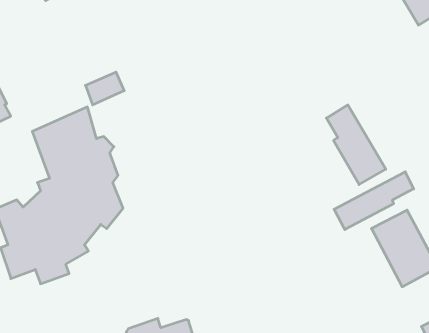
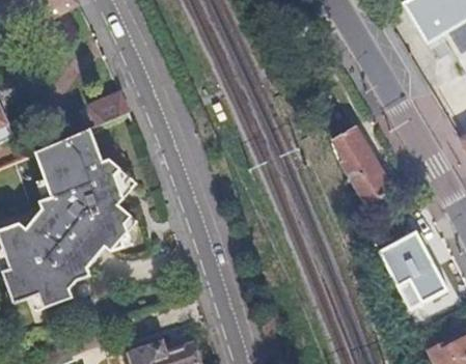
building: [334,172,414,230] -> none

